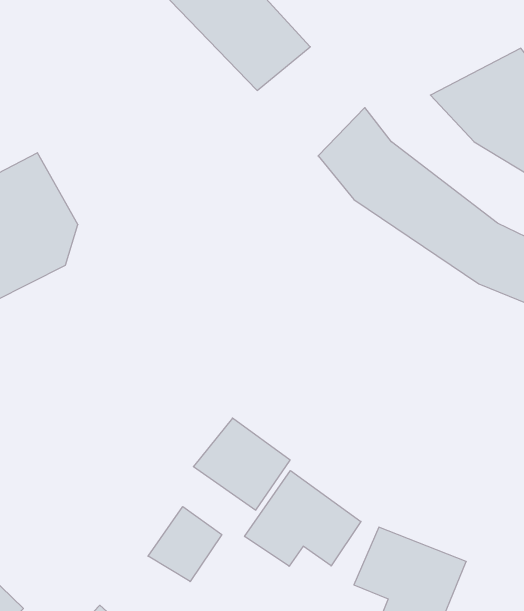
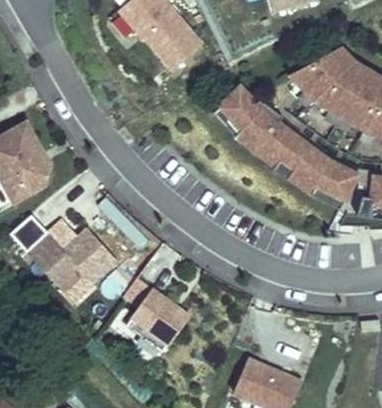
building: none -> [12,209,121,289]
building: [245,471,361,566] -> none
building: [148,507,222,582] -> none

